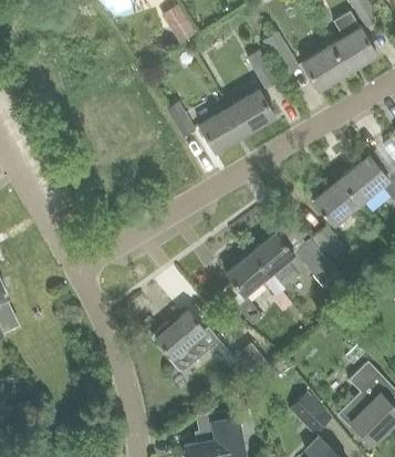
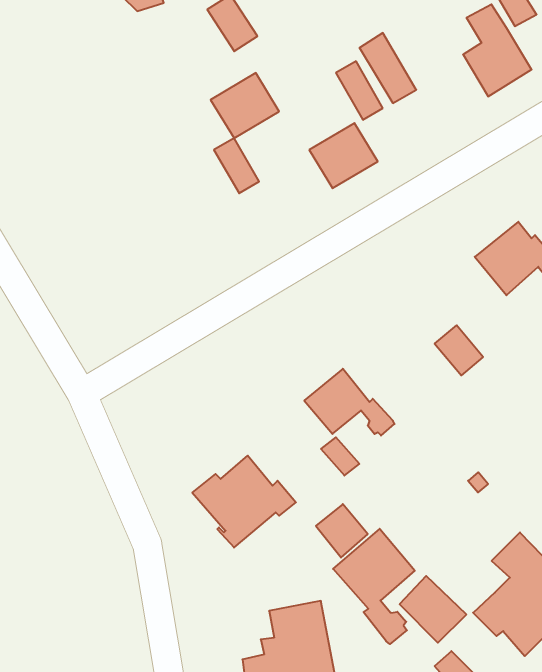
building: [302,45,347,90] -> none
building: [199,108,245,152] -> [211,73,279,138]
building: [313,179,360,227] -> none
building: [251,232,341,288] -> none
building: none -> [333,529,415,644]

